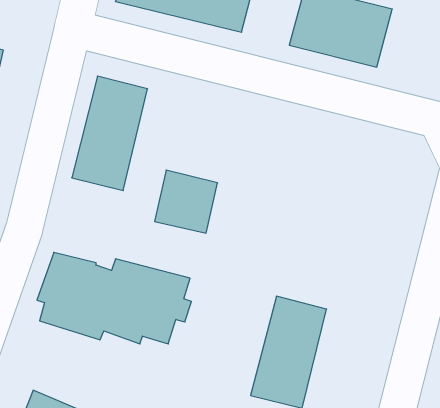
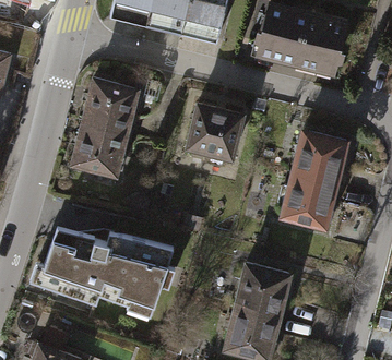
building: none -> [280,131,344,227]
building: [155,170,218,233] -> [186,104,239,157]

